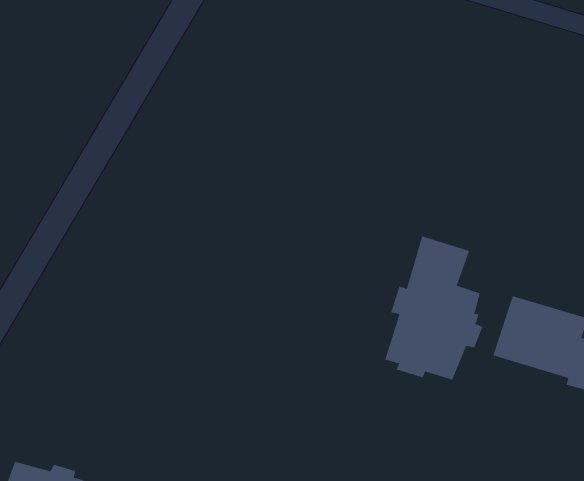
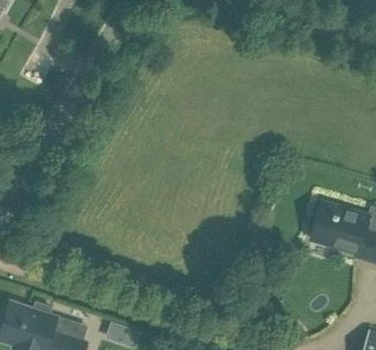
building: [385,236,483,380] -> none

